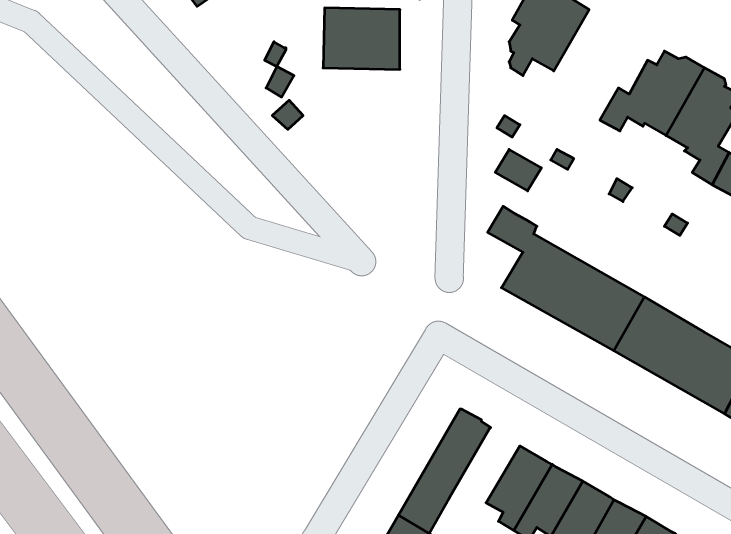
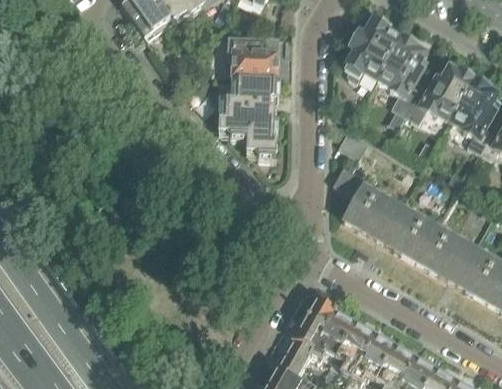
building: none -> [378,35,426,109]
building: none -> [219,76,280,158]
building: none -> [310,310,356,360]

